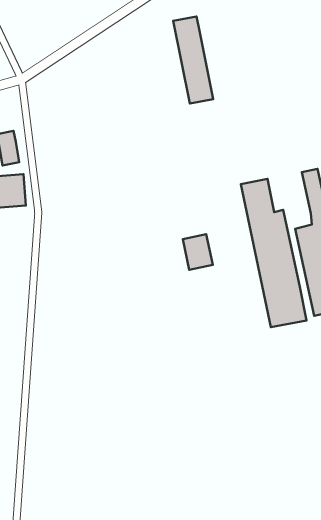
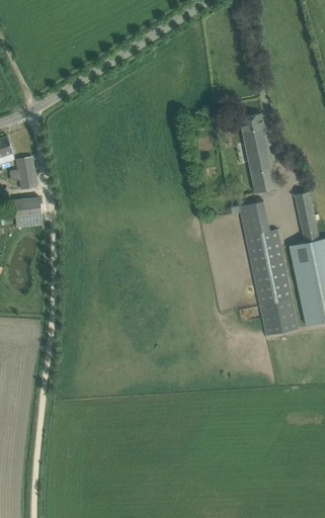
building: [173,17,213,104] -> [239,113,275,192]
building: [183,234,213,270] -> none

